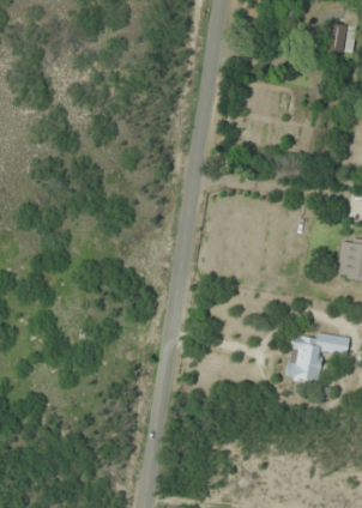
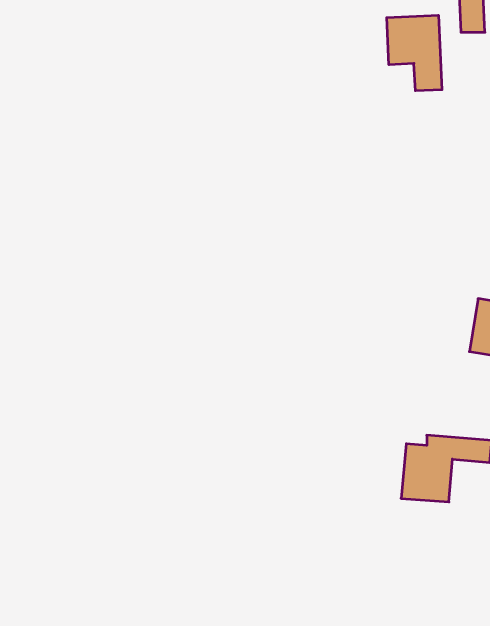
building: none -> [387,15,442,91]

